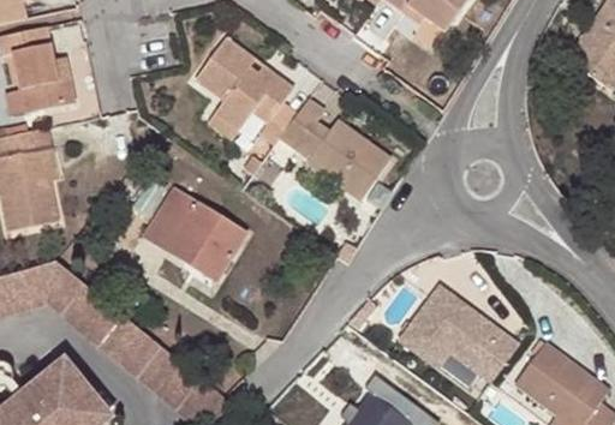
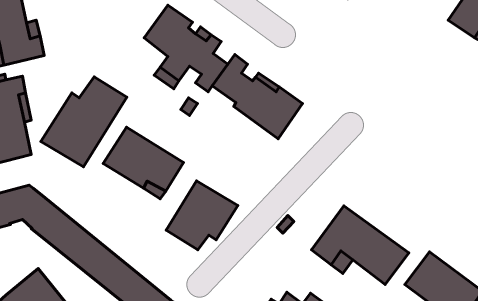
building: none -> [41,77,127,167]
building: none -> [166,181,238,250]

